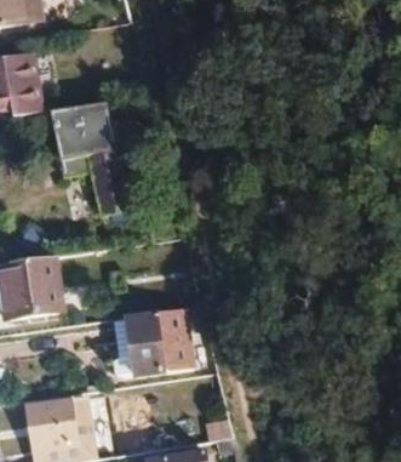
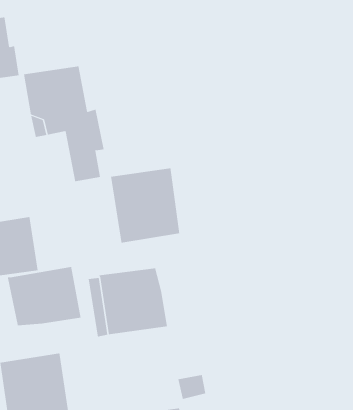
building: none -> [111,167,180,243]
building: none -> [7,266,81,326]

